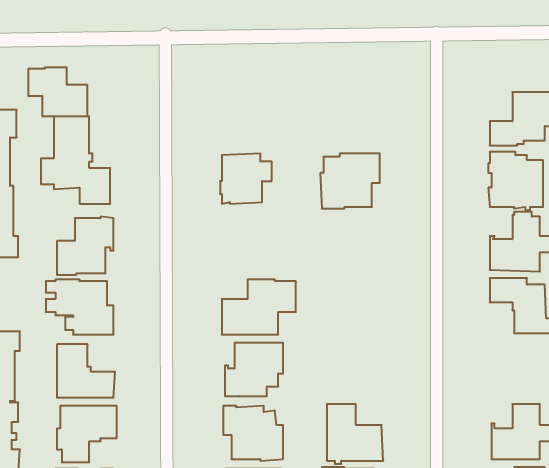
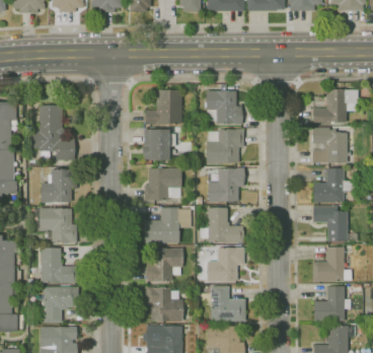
building: [28,67,87,116] -> none
building: none -> [204,84,242,124]
building: none -> [145,90,181,124]
building: none -> [206,167,244,202]
building: none -> [143,168,181,200]
building: none -> [200,208,243,242]
building: none -> [208,248,243,284]
building: none -> [312,248,344,282]

